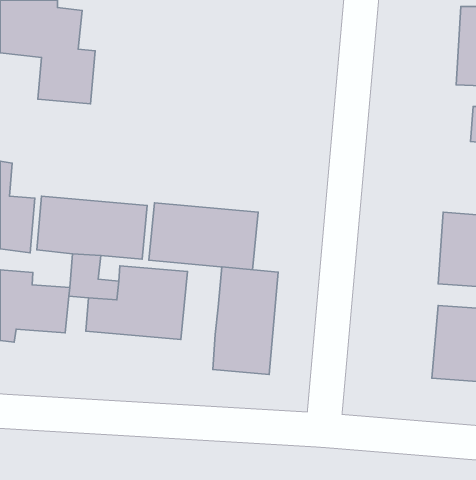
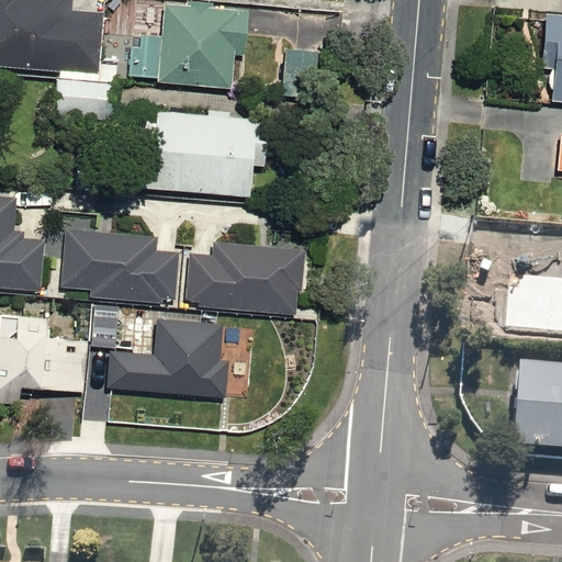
building: none -> [116,8,251,87]
building: none -> [108,105,263,200]
building: [213,267,278,375] -> none

